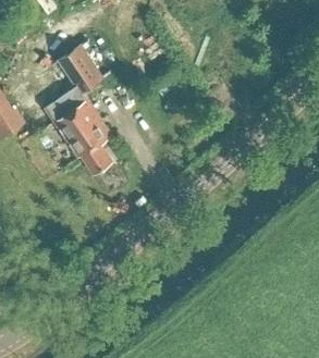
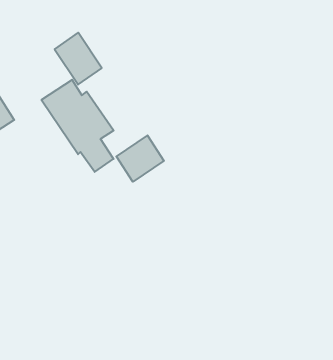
building: none -> [116,135,164,182]

